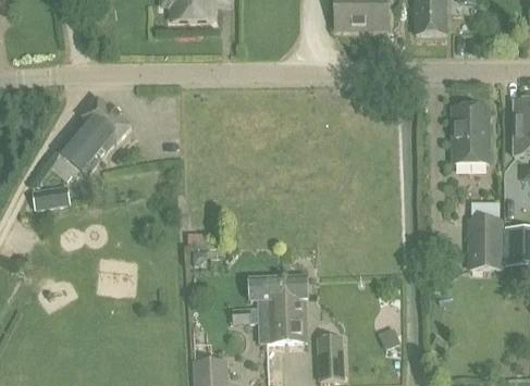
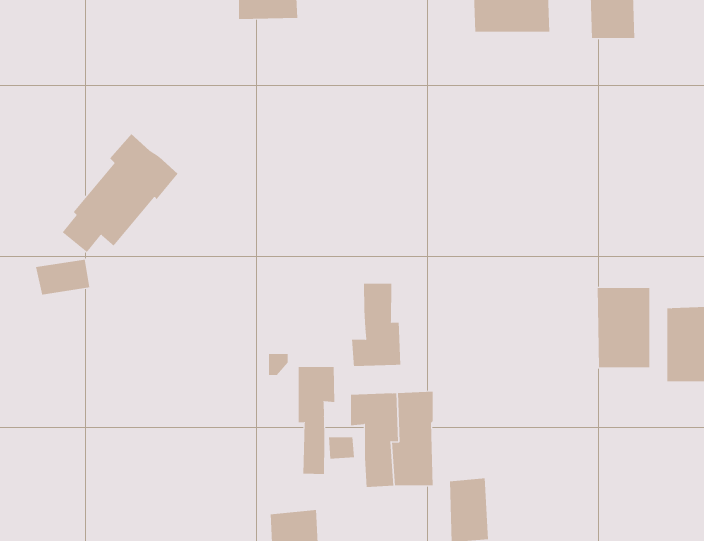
building: [452,107,489,162] -> [597,287,650,368]
building: none -> [352,283,401,367]
building: none -> [298,366,335,475]

